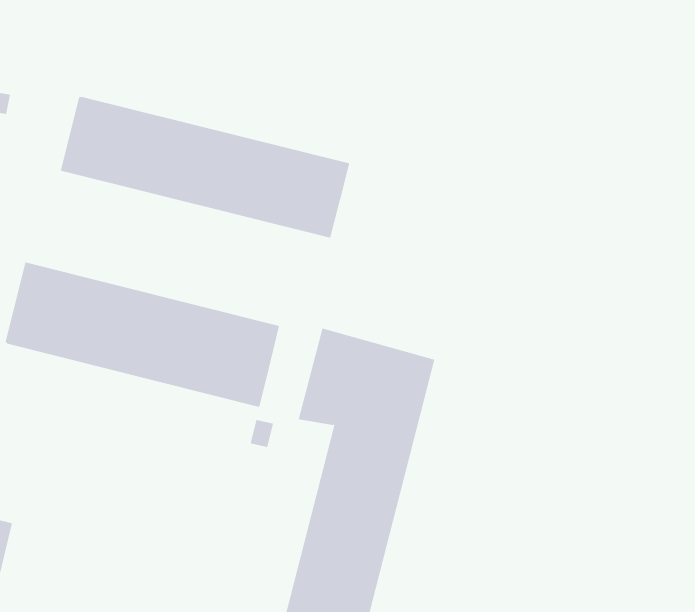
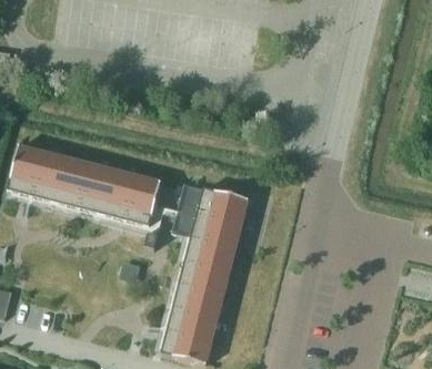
building: [60,96,350,239] -> none

